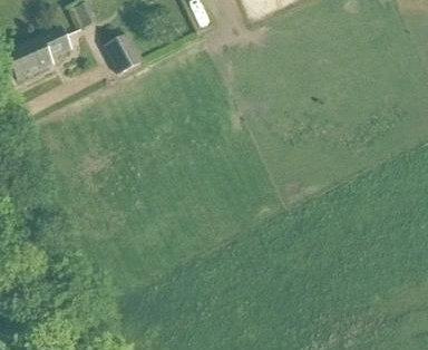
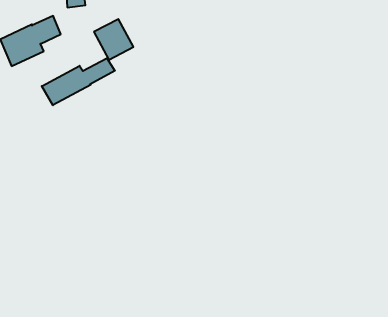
building: none -> [42,58,115,105]

